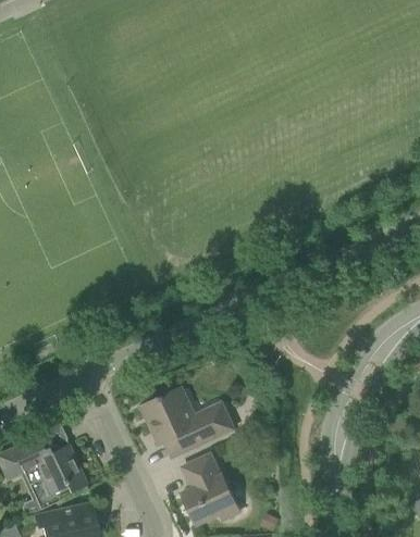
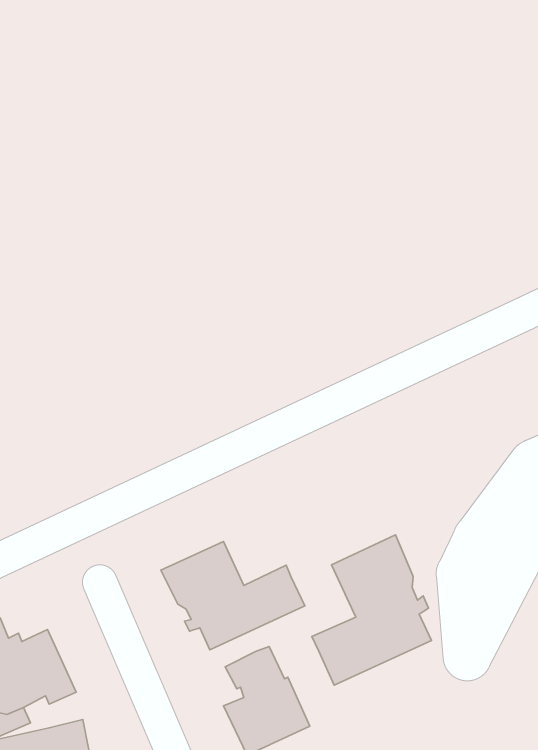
building: none -> [312,535,431,685]

